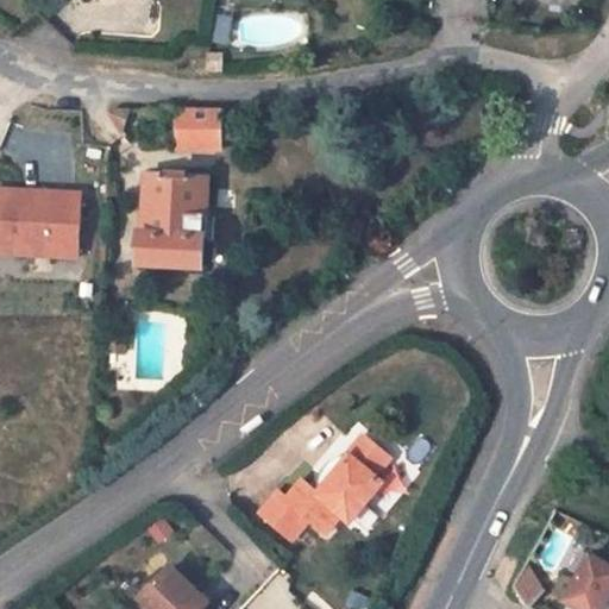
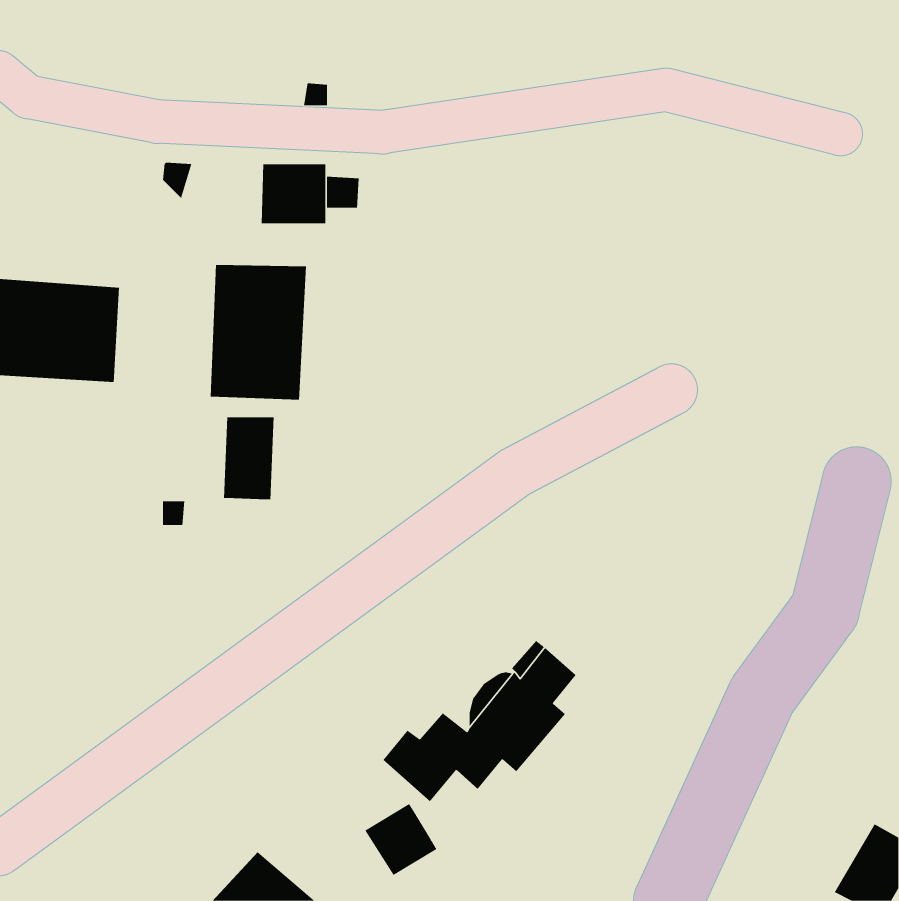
building: none -> [224,416,274,500]
building: none -> [365,803,437,876]

